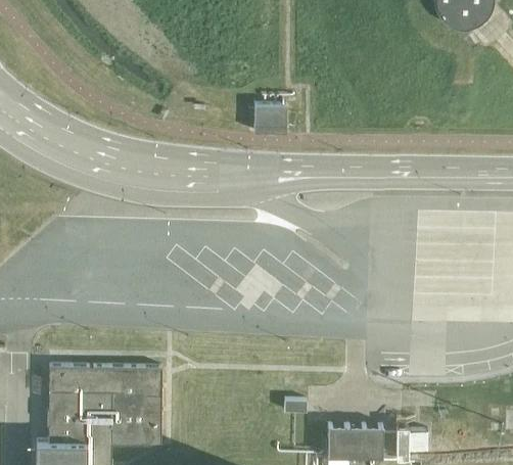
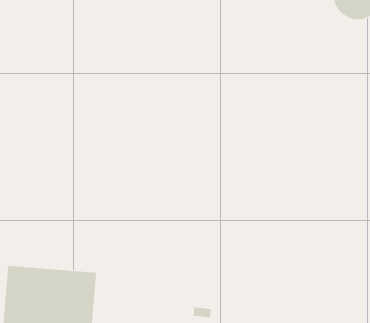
building: [258,102,292,126] -> none

